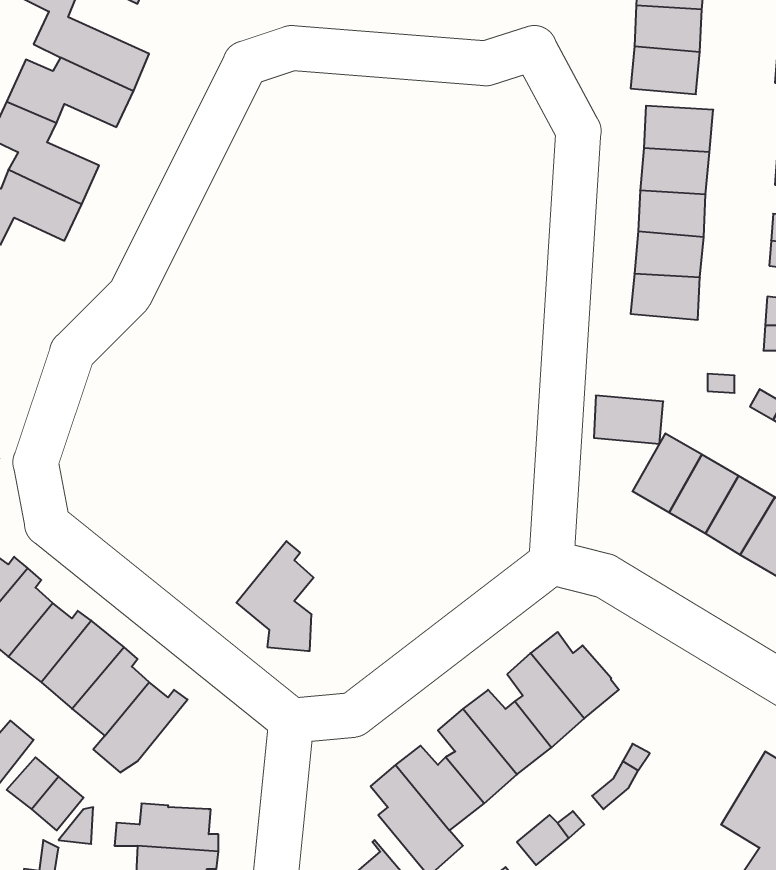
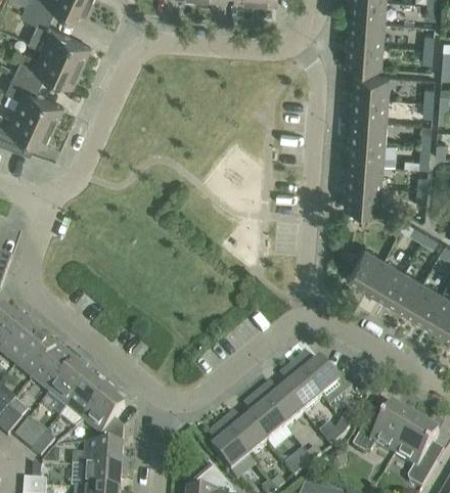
building: [594,396,663,444] -> [345,183,381,209]
building: [236,541,314,651] -> [84,388,125,446]
building: none -> [352,405,417,454]

